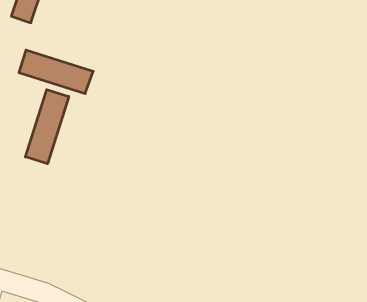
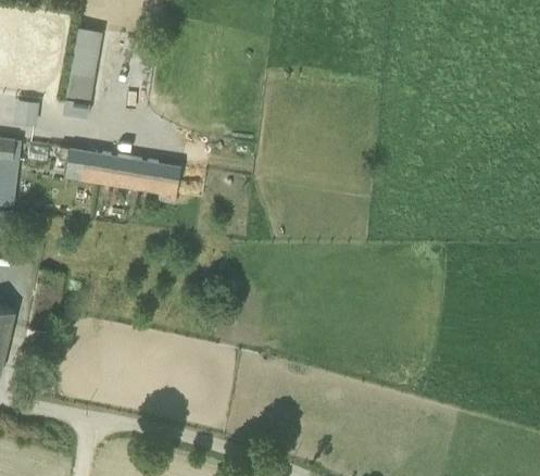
building: [25,90,69,164] -> none

